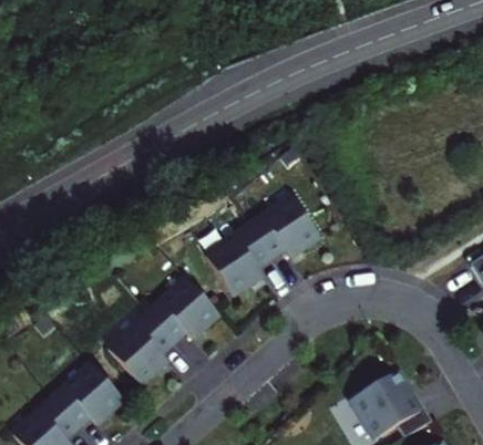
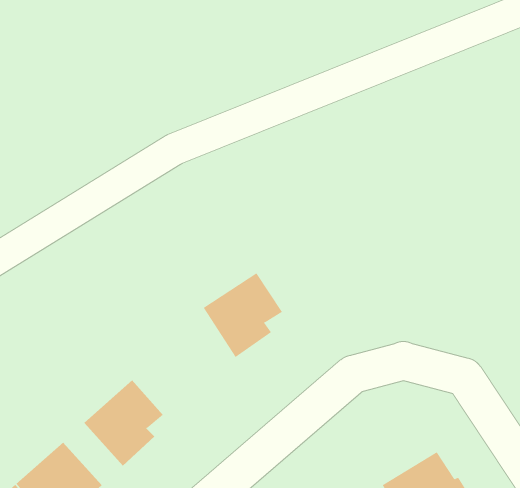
building: [250,197,320,258] -> none
building: [148,279,219,342] -> none

